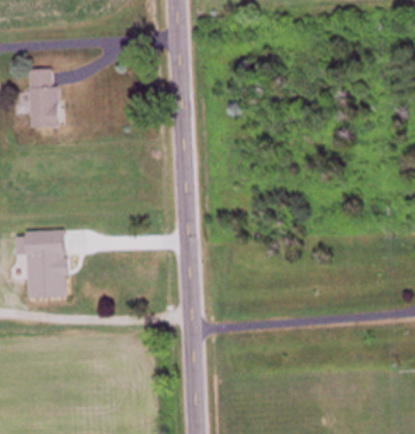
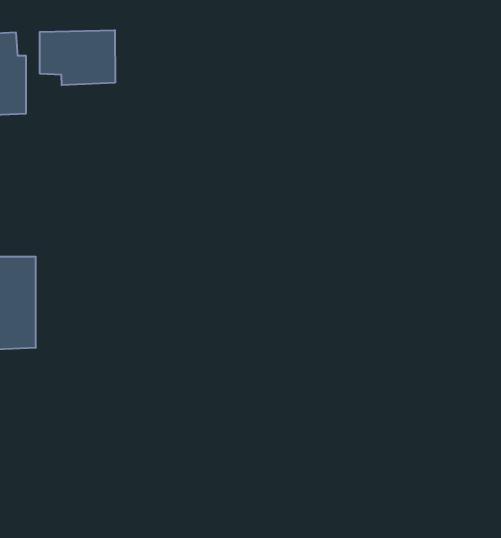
building: none -> [40,30,115,85]

